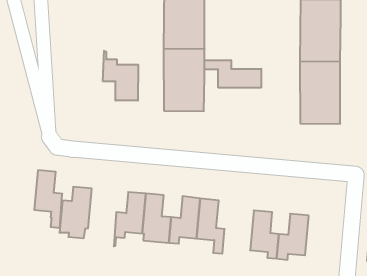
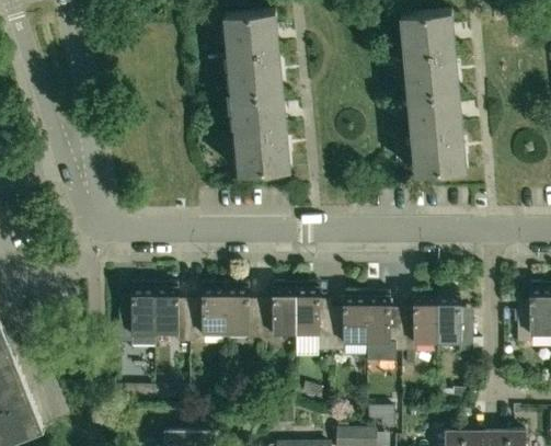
building: [103,51,138,101] -> none
building: [205,60,261,88] -> none
building: [34,170,62,228] -> [154,286,190,357]
building: none -> [330,295,365,355]
building: none -> [436,295,472,355]

